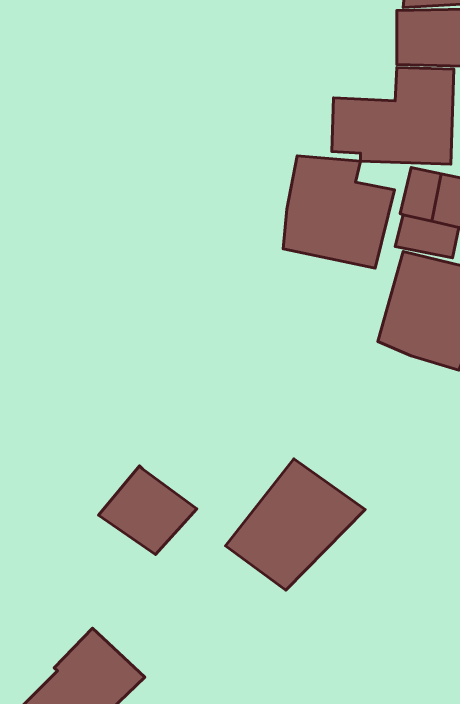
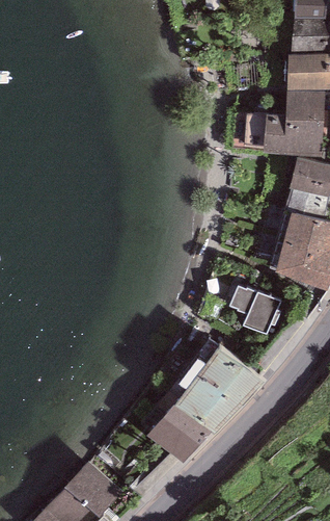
building: [283,156,394,268] -> none
building: none -> [229,284,280,333]
building: [98,466,197,555] -> [146,402,211,461]

